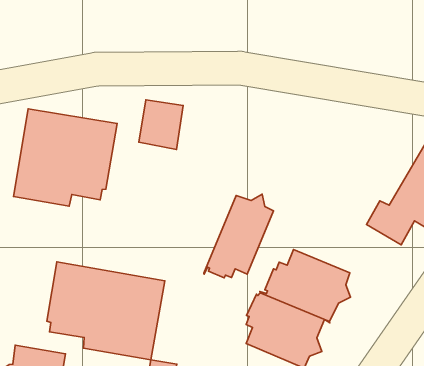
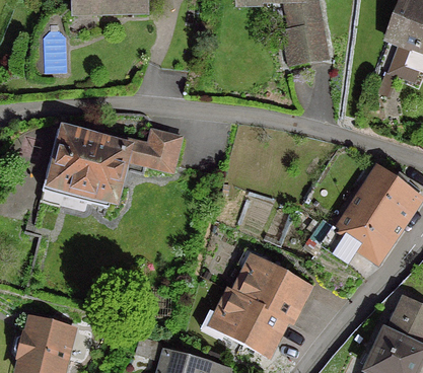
building: [204,194,273,278] -> none
building: [47,262,165,360] -> none

